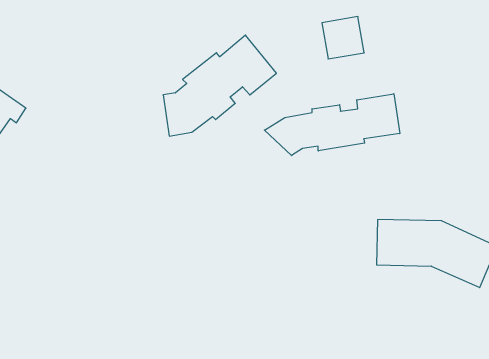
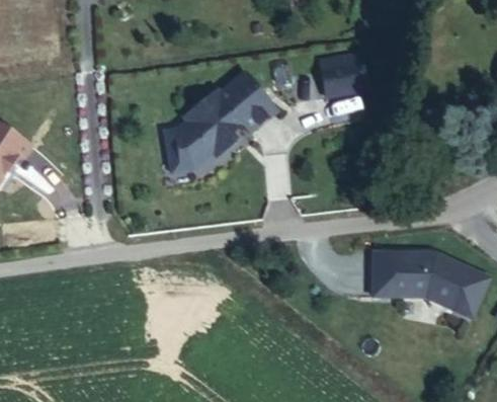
building: [264,94,400,156] -> none

